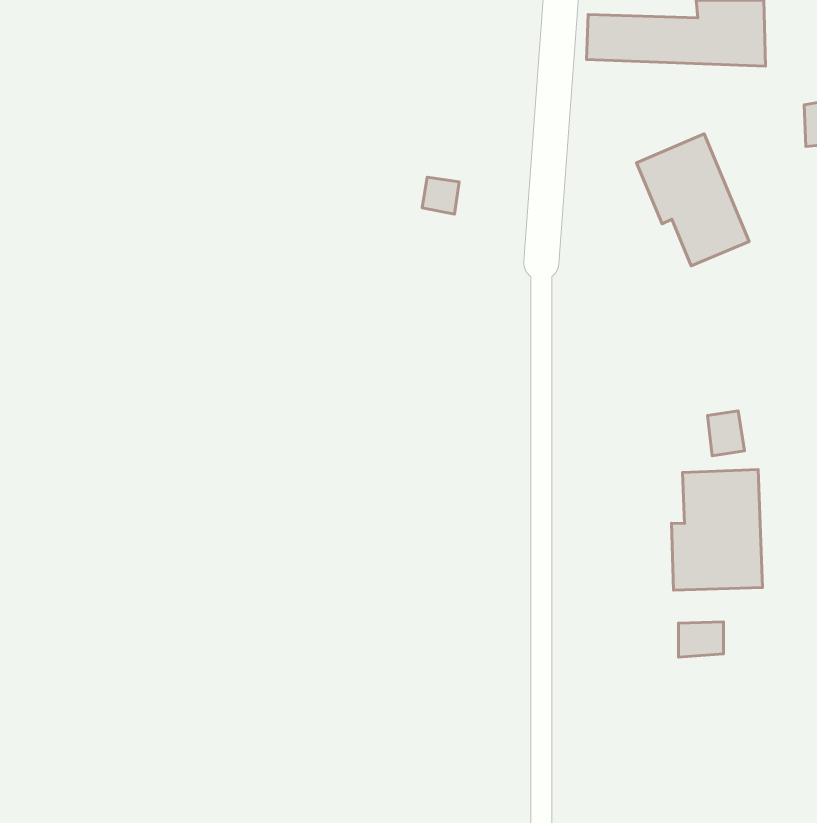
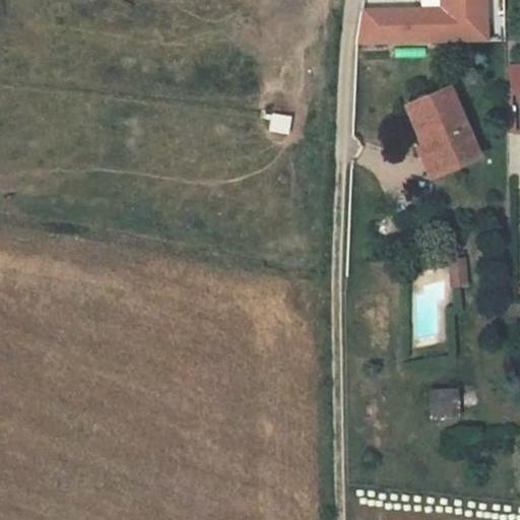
building: [671,470,762,590] -> none

